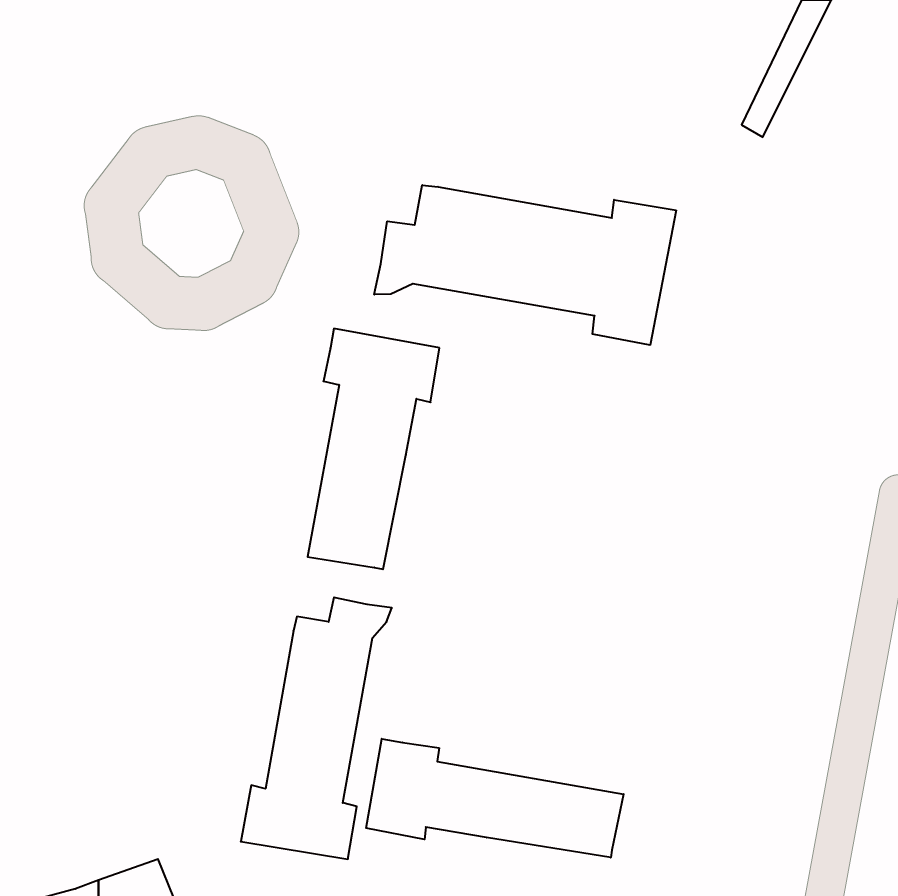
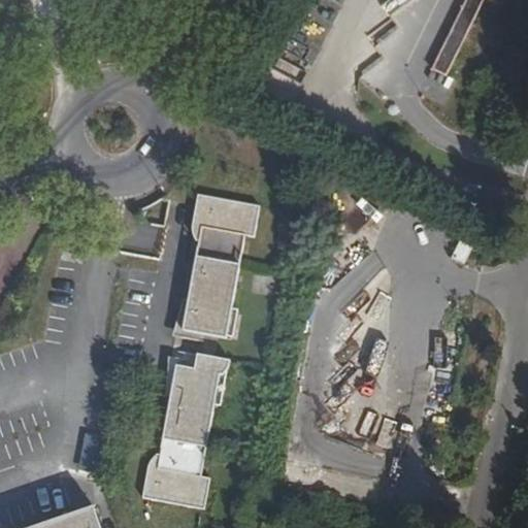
building: [374,185,676,345] -> none
building: [366,739,624,858] -> none

